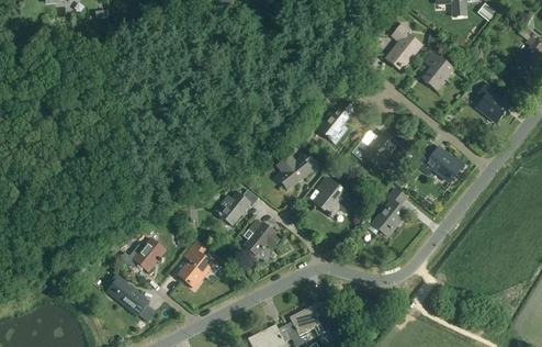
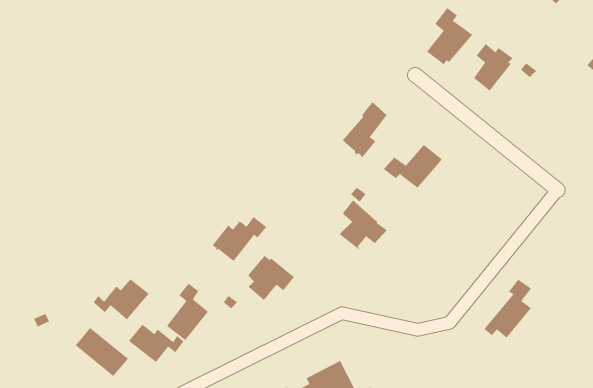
building: [476,82,507,123] -> none
building: [417,147,464,181] -> none
building: [278,149,315,190] -> none
building: [369,189,407,236] -> [483,279,532,339]
building: none -> [128,324,184,363]

